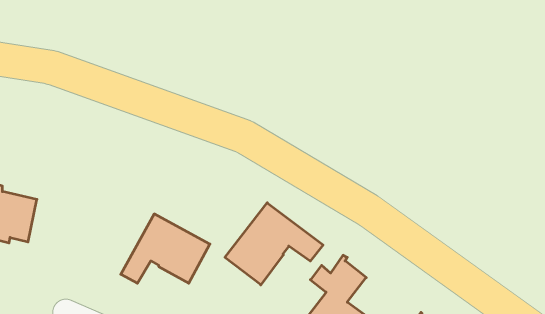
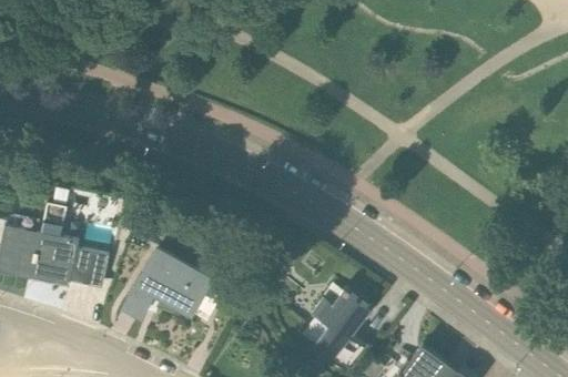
building: none -> [32,204,94,283]
building: [225,203,323,285] -> none

